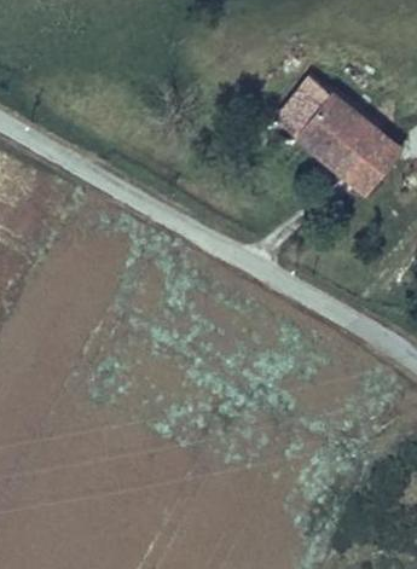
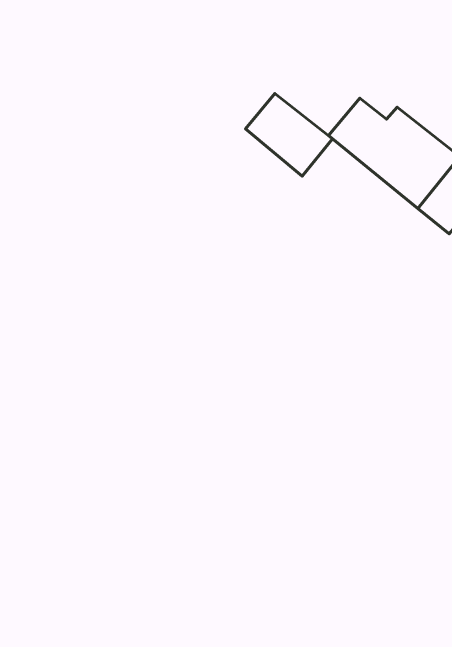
building: none -> [246,94,333,176]

